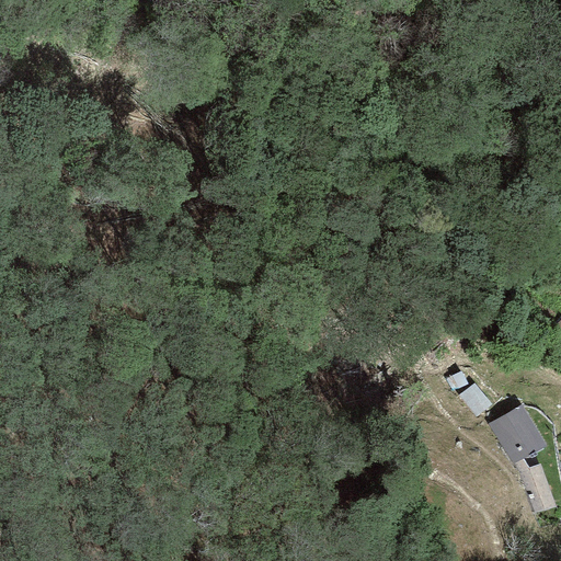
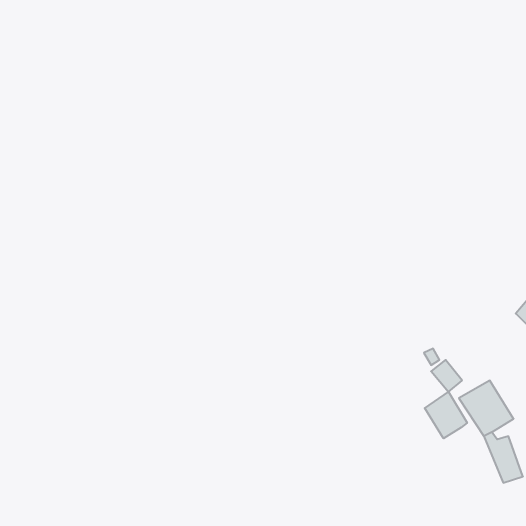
building: none -> [425,392,467,438]

